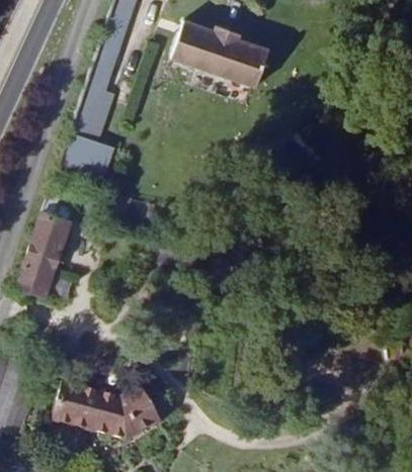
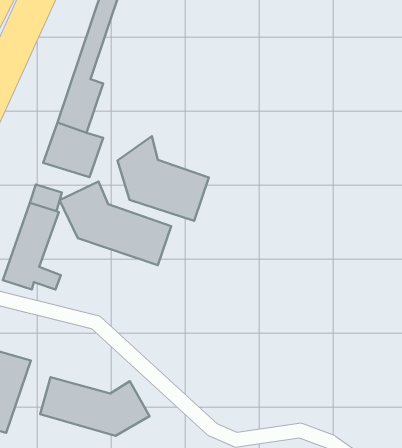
building: [173,20,270,88] -> none
building: none -> [118,136,209,221]
building: none -> [60,181,171,265]

